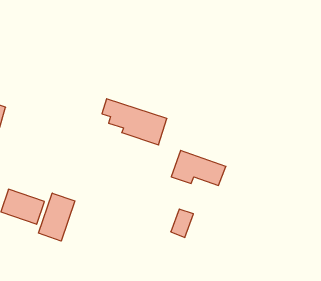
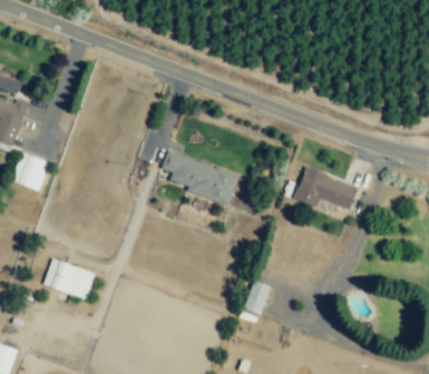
building: [171,150,226,185] -> [293,168,358,209]
building: [39,193,75,241] -> none

